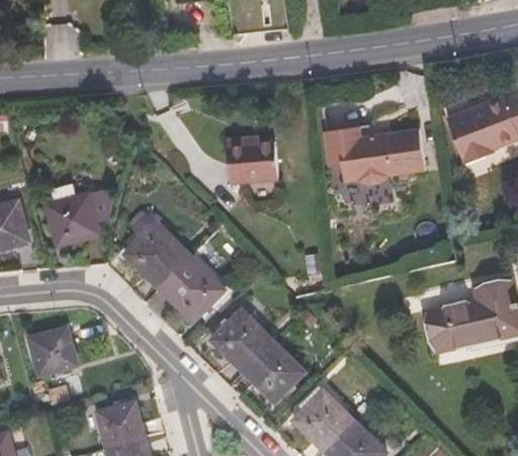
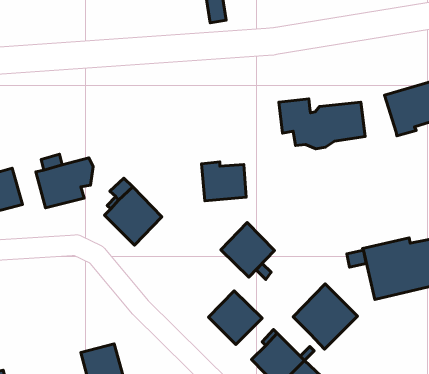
building: [228,139,279,183] -> [201,162,246,201]
building: [159,257,224,323] -> none
building: [211,309,273,372] -> [221,222,274,277]
building: [28,328,78,376] -> none
building: none -> [293,284,358,349]

